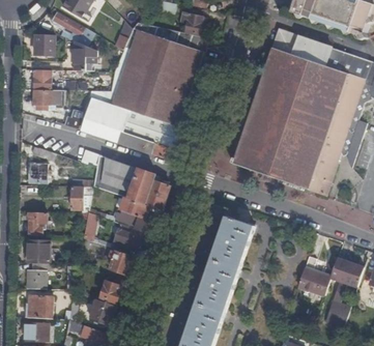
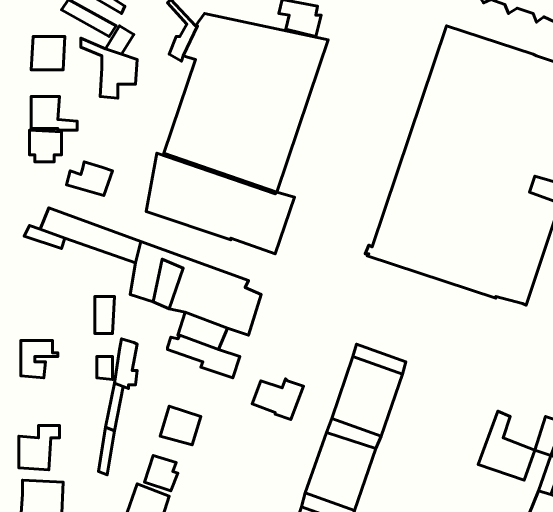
building: [81,97,108,137] -> none
building: [29,162,51,182] -> none
building: [113,227,143,251] -> [252,379,303,420]
building: [27,239,50,260] -> none

